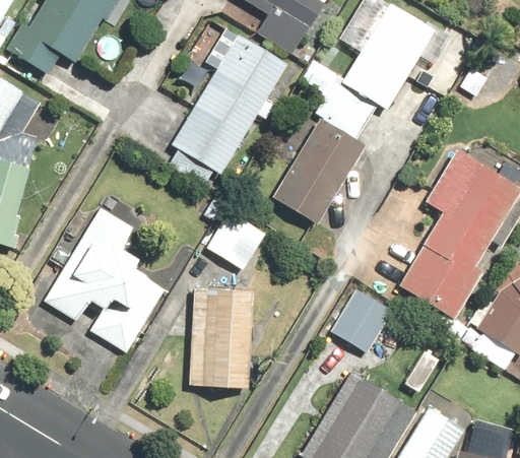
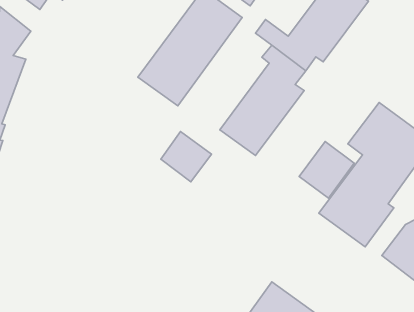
building: [44,207,165,352] -> none
building: [190,287,252,388] -> none
building: [330,287,393,353] -> [299,142,354,198]

